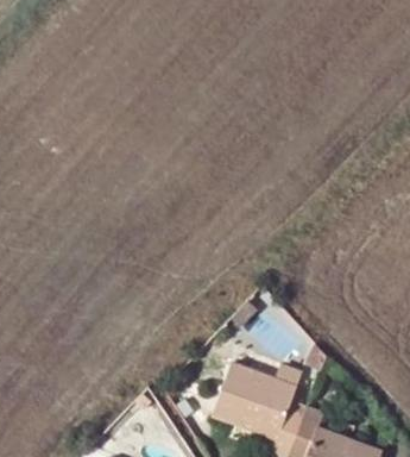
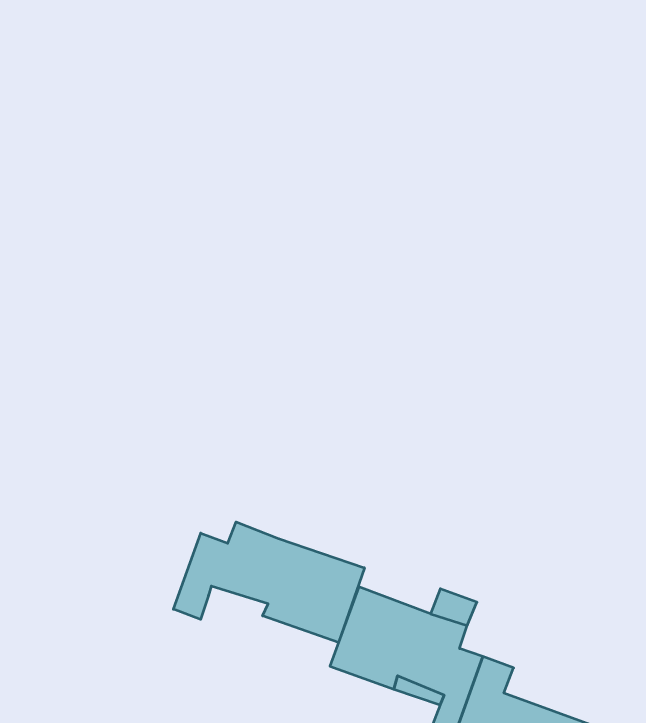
building: none -> [173,522,364,643]

